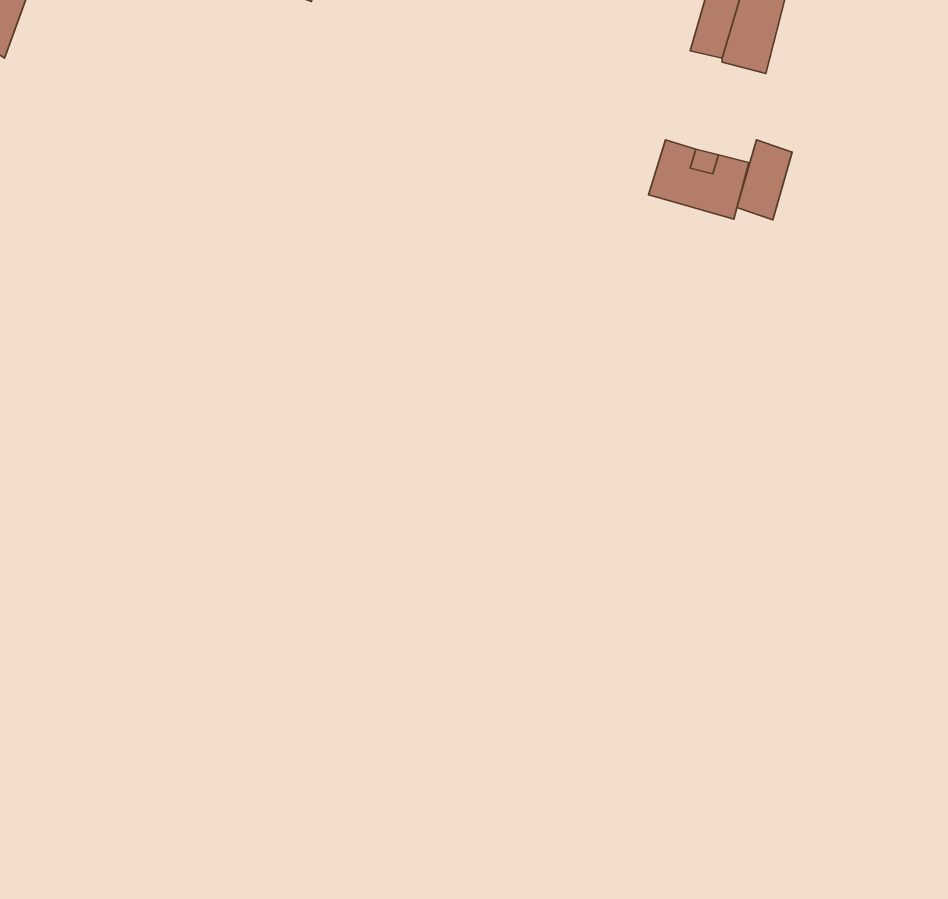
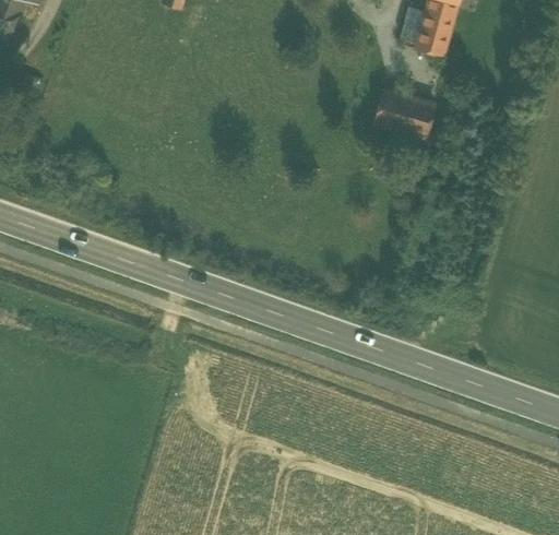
building: [737,140,792,220] -> none

